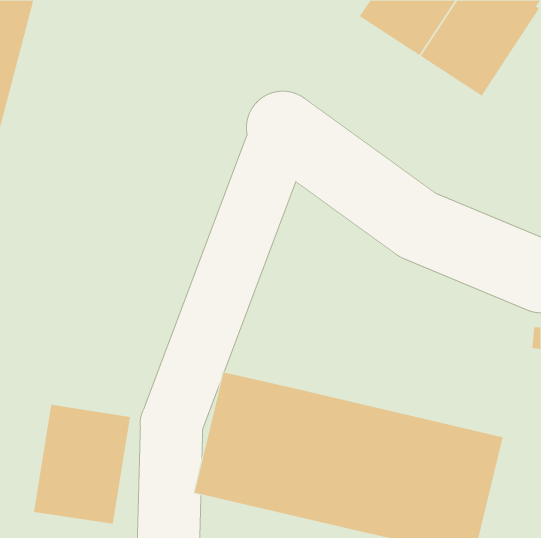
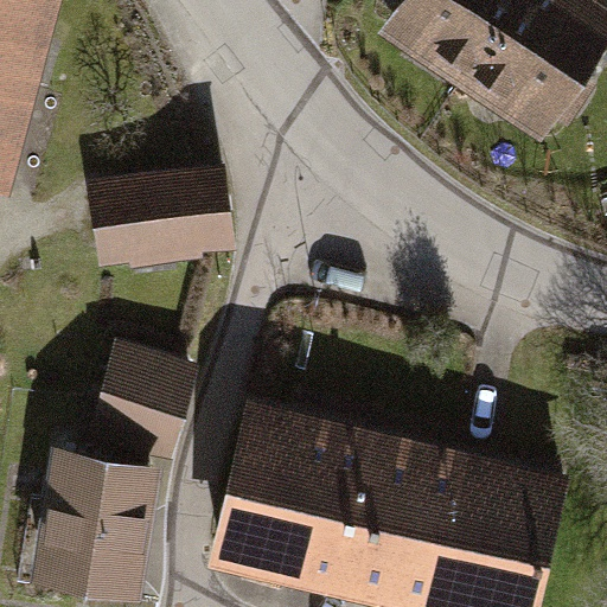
building: none -> [88,178,225,266]
building: none -> [90,354,185,454]

